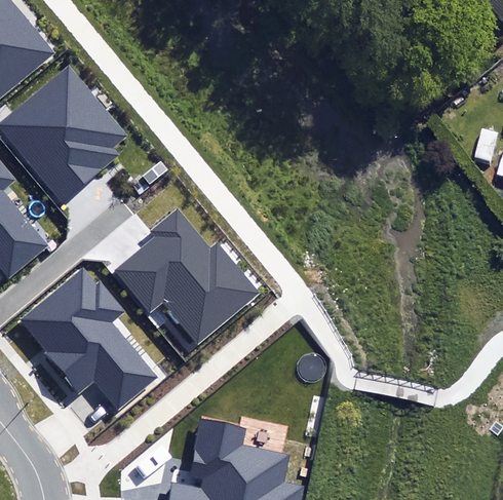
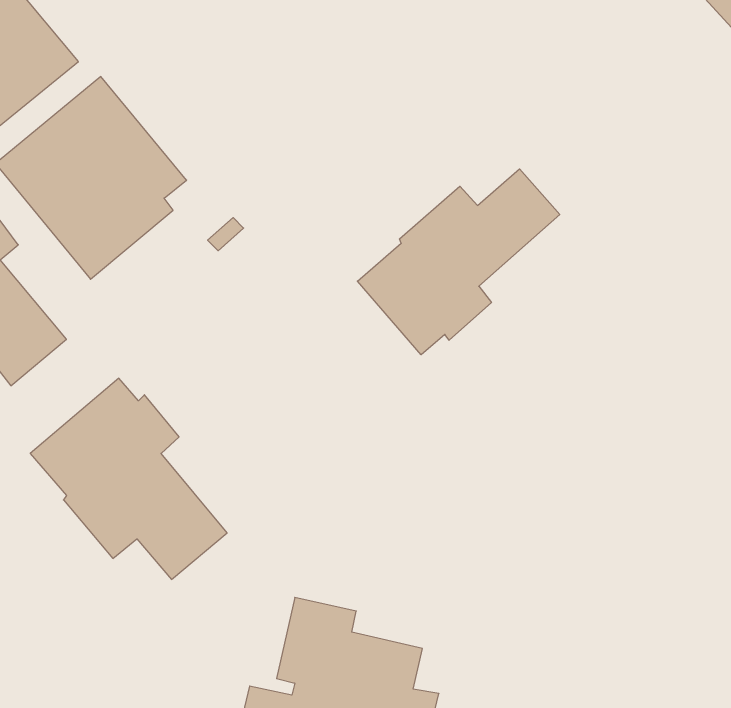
building: none -> [357,169,560,355]
building: [115,207,260,344] -> none

